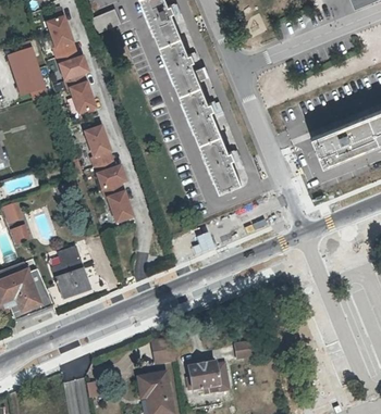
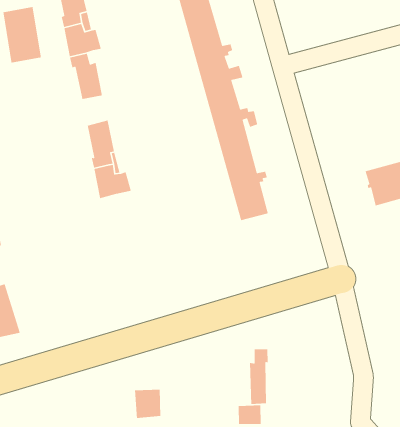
building: [103,187,135,225] -> none
building: [52,247,89,298] -> none
building: none -> [249,349,268,405]

